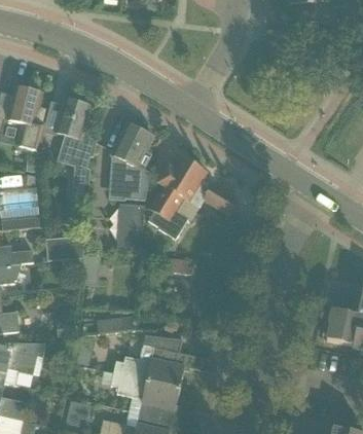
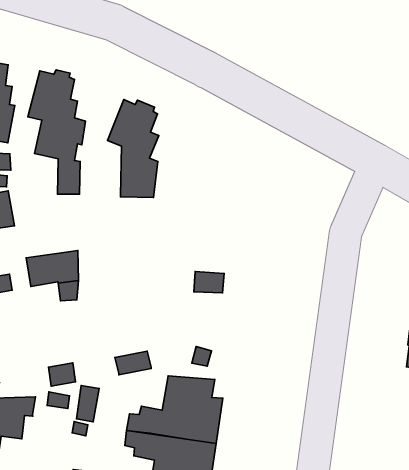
building: [147,155,238,239] -> none
building: [116,203,144,249] -> none

